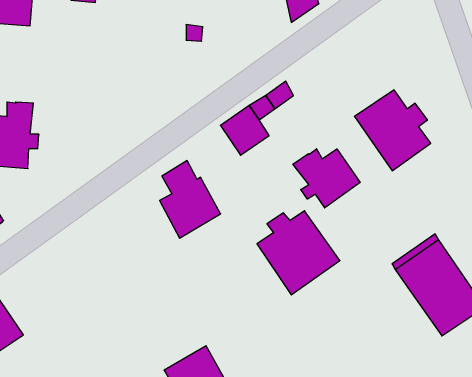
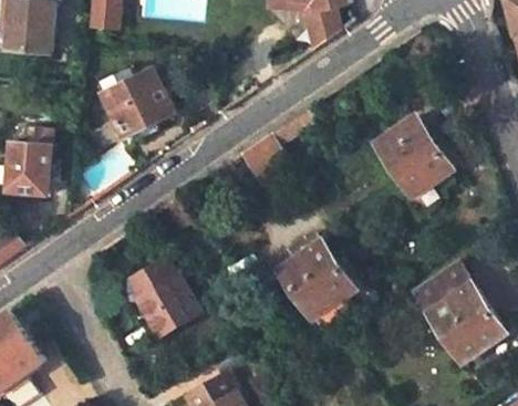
building: none -> [100,72,172,148]
building: [293,149,360,208] -> none
building: [160,161,221,238] -> [136,260,197,337]

